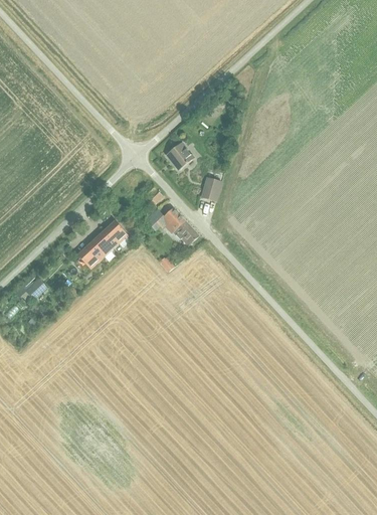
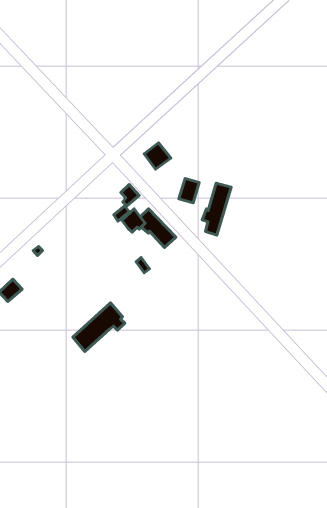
building: none -> [202,183,231,235]
building: [77,219,129,268] -> [73,303,125,352]

